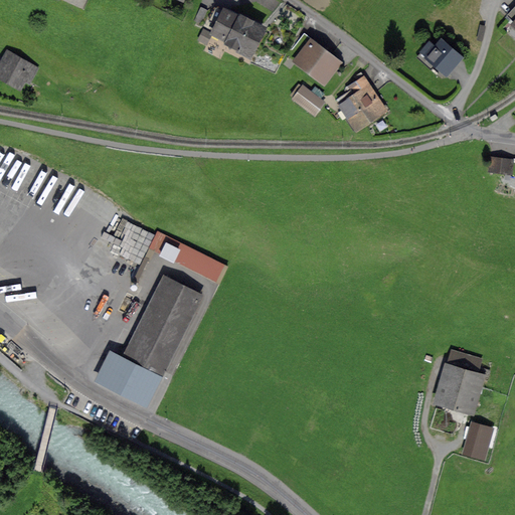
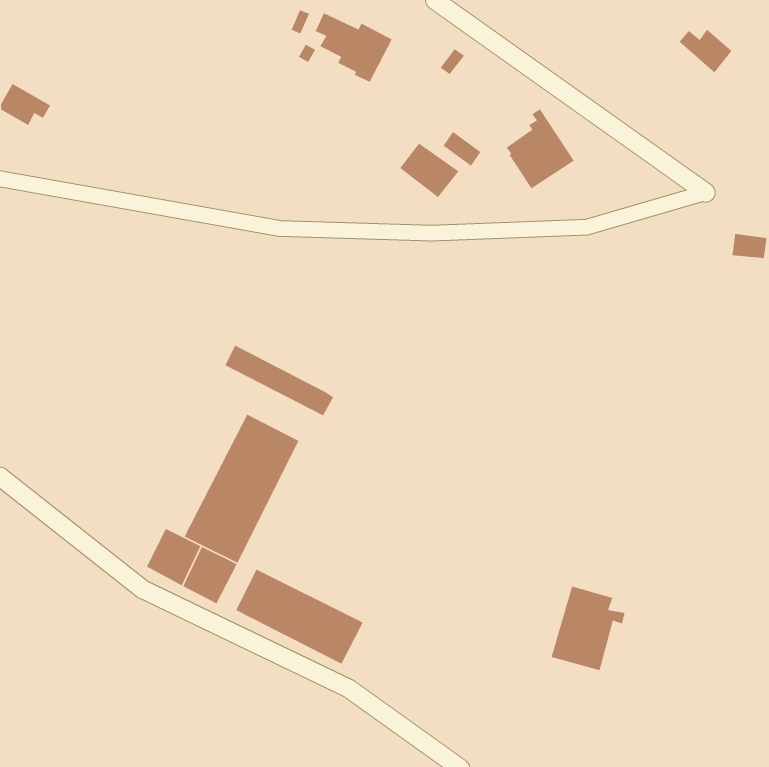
building: [422,42,459,72] -> [678,28,733,74]
building: [297,44,337,81] -> [399,143,459,198]
building: [438,353,488,410] -> [550,585,626,671]
building: none -> [235,569,364,665]
building: [465,418,498,459] -> none

